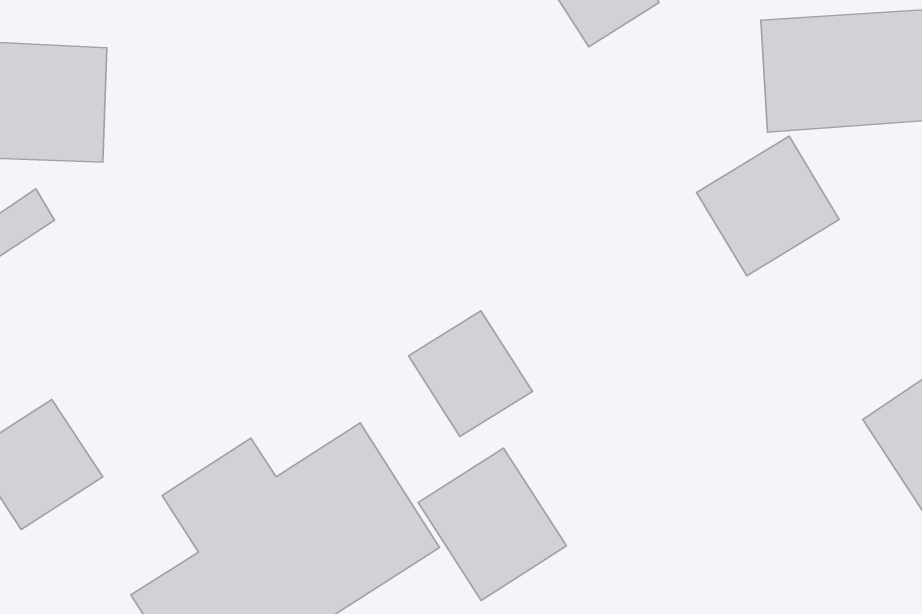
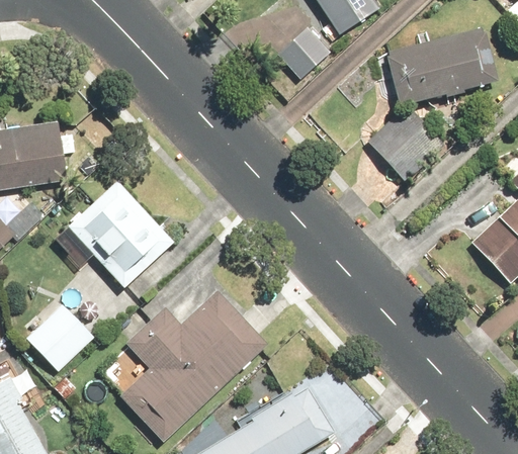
building: none -> [67,181,174,289]
building: [408,311,532,437] -> none
building: [418,448,567,600] -> none

